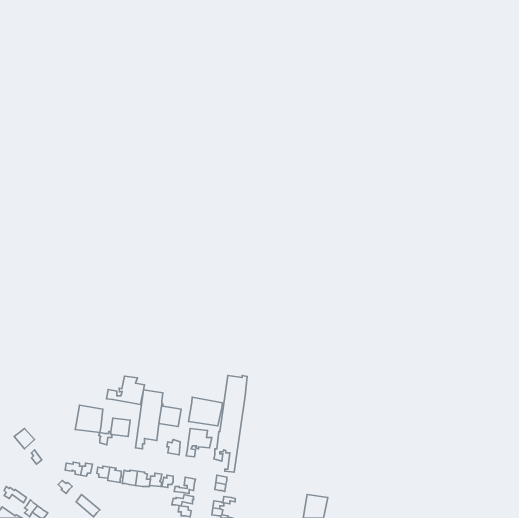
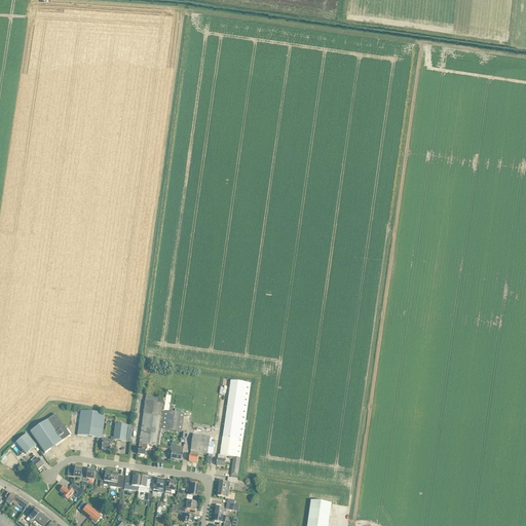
building: [106,376,144,405] -> none
building: [188,397,222,426] -> none
building: none -> [29,412,70,451]

